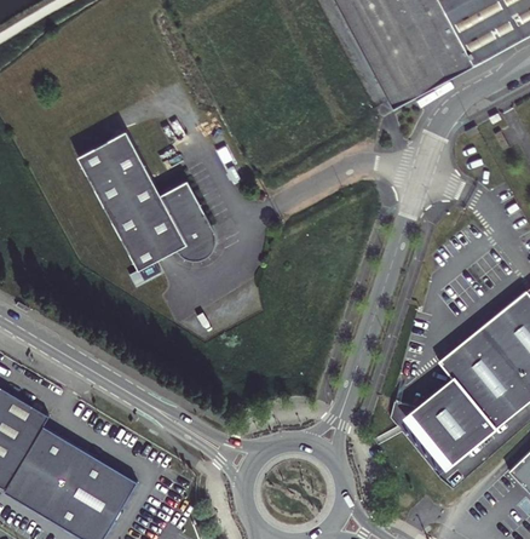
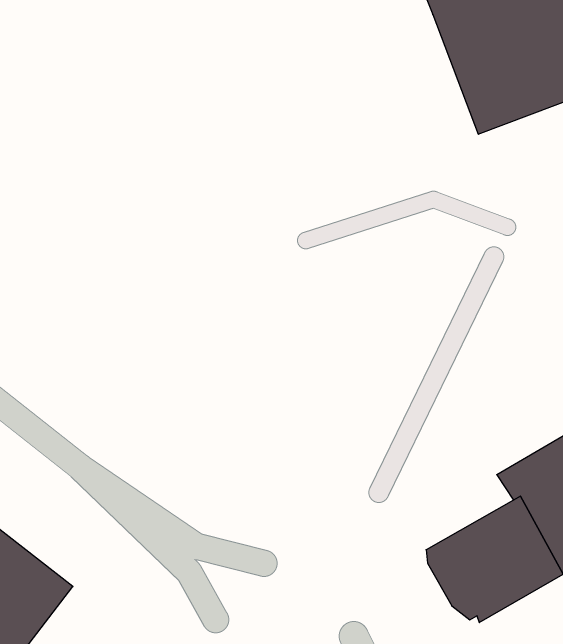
building: [76,131,215,271] -> none

